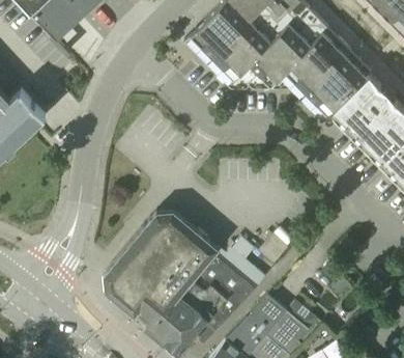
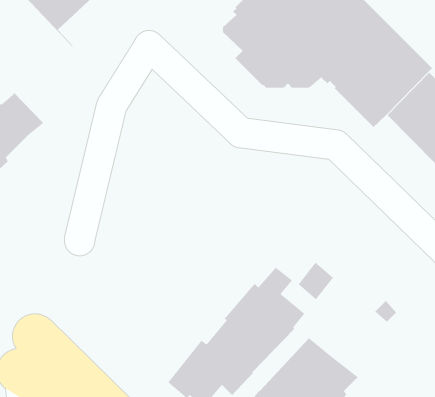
building: [104,211,222,334] -> none

